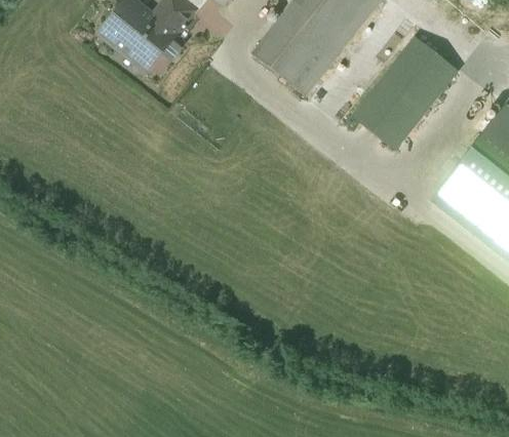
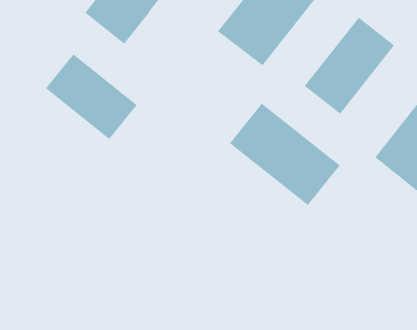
building: none -> [45,54,138,140]
building: none -> [229,103,340,206]

